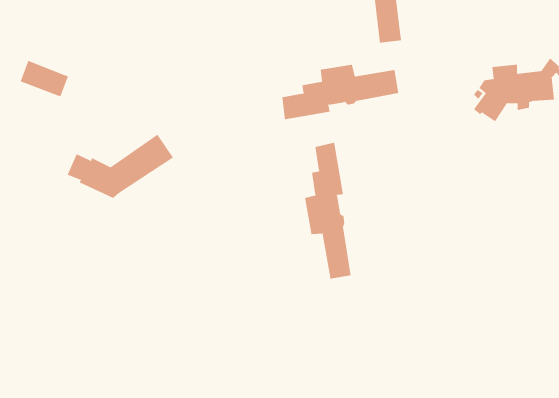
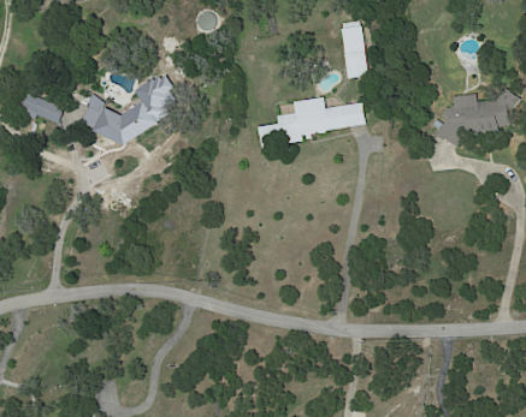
building: [67,134,174,199] -> [82,84,179,143]
building: [305,142,351,279] -> none

